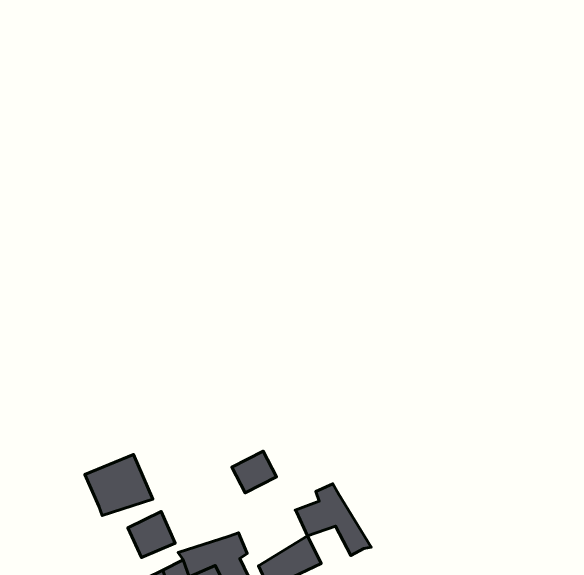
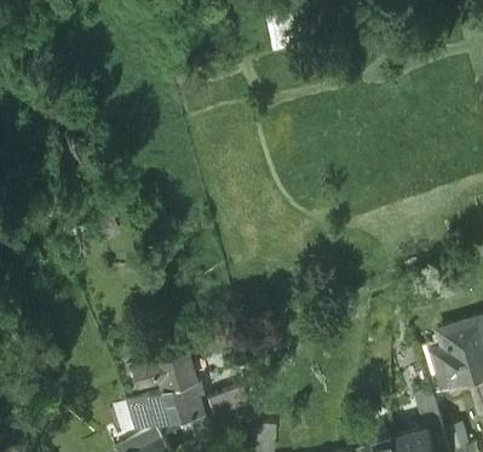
building: [85,454,153,515] -> [151,348,191,383]
building: [295,484,371,556] -> none

